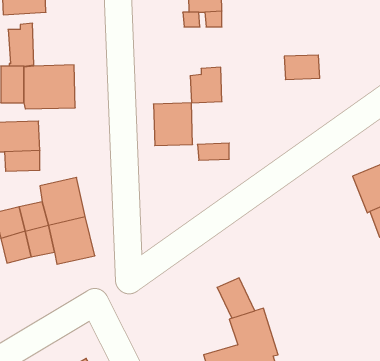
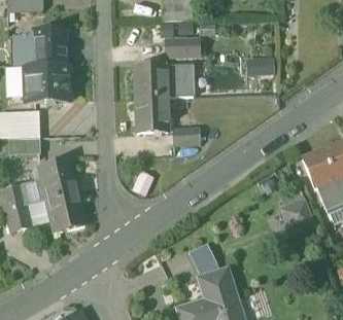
building: none -> [33,29,68,65]
building: none -> [165,38,209,57]
building: none -> [134,63,167,97]
building: none -> [282,199,315,230]

